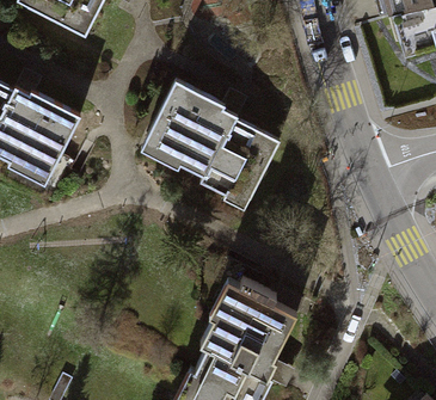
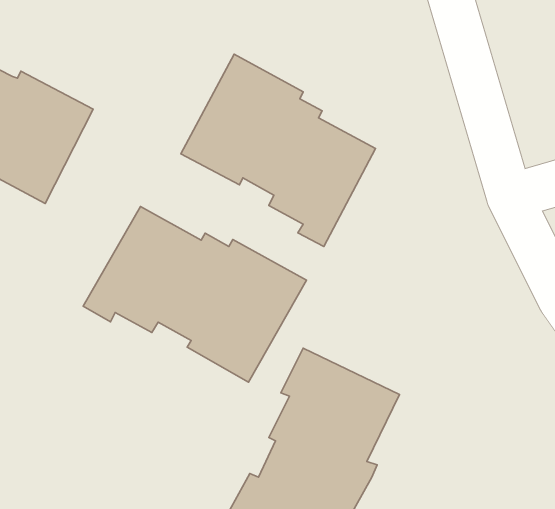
building: none -> [83,207,307,382]

